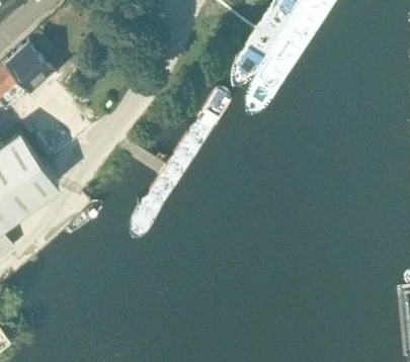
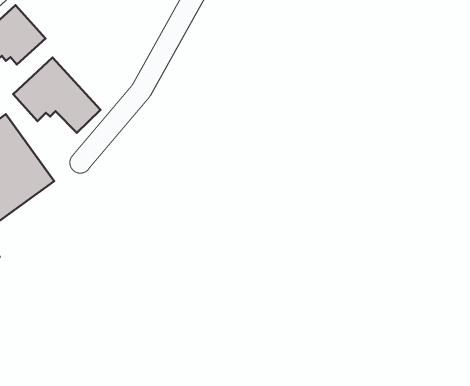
building: none -> [13,57,100,133]

